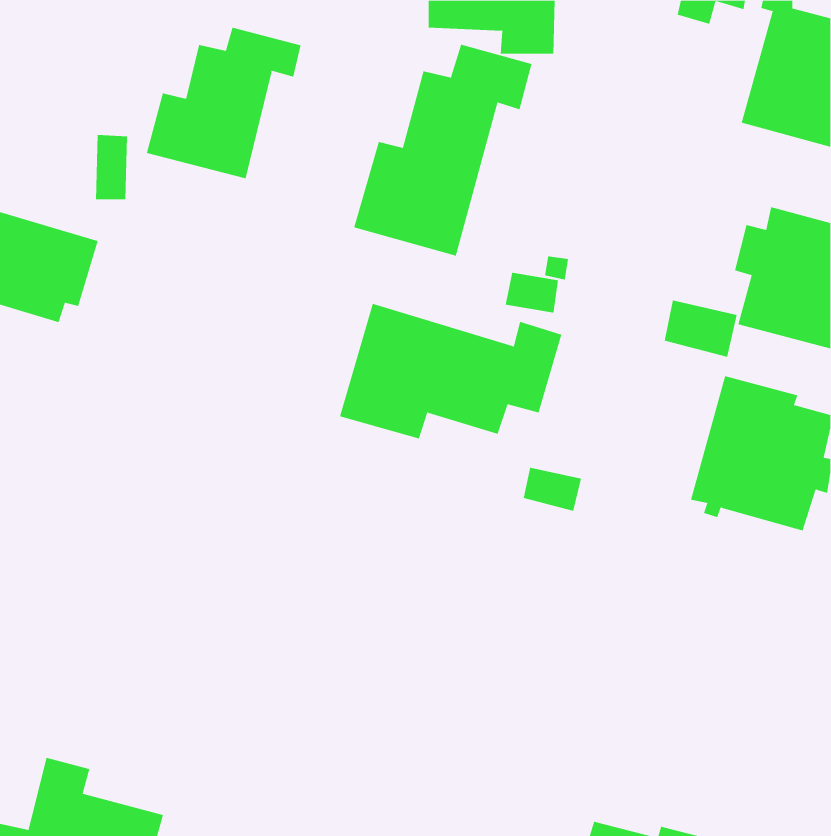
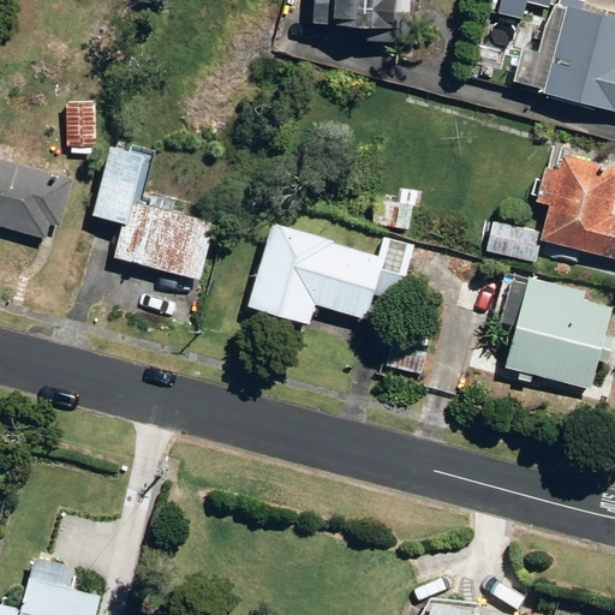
building: [146,27,301,179] -> none
building: [354,44,532,256] -> none
building: none -> [92,145,213,279]

